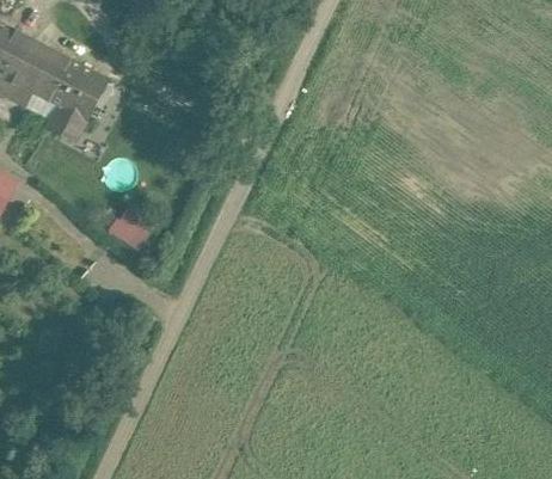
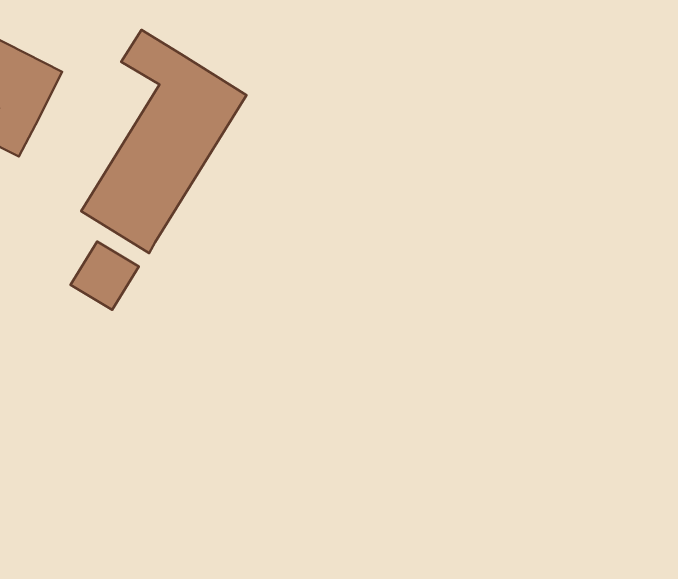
building: none -> [81,30,246,253]

